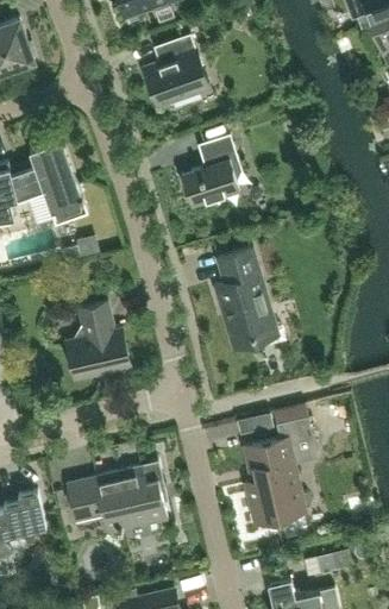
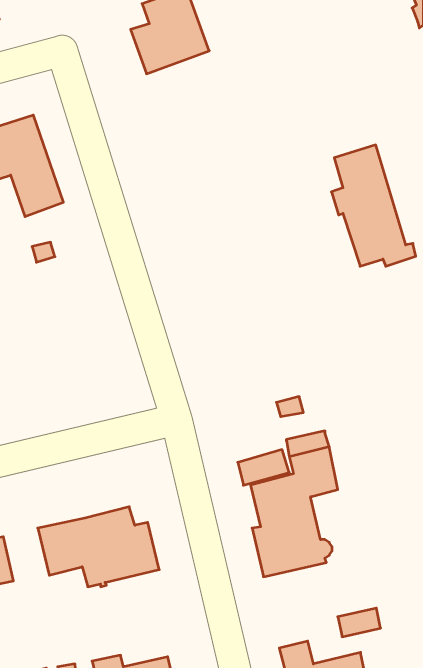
building: [180,134,241,207] -> none
building: [214,247,284,349] -> [331,145,416,266]
building: [65,303,130,379] -> none

